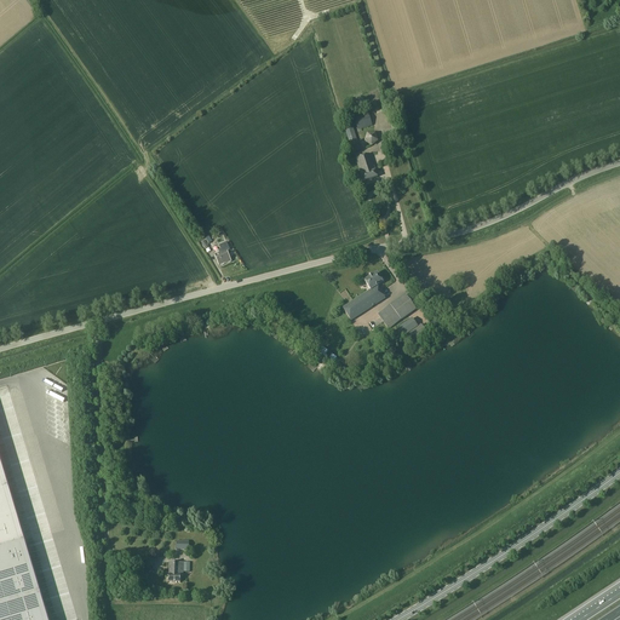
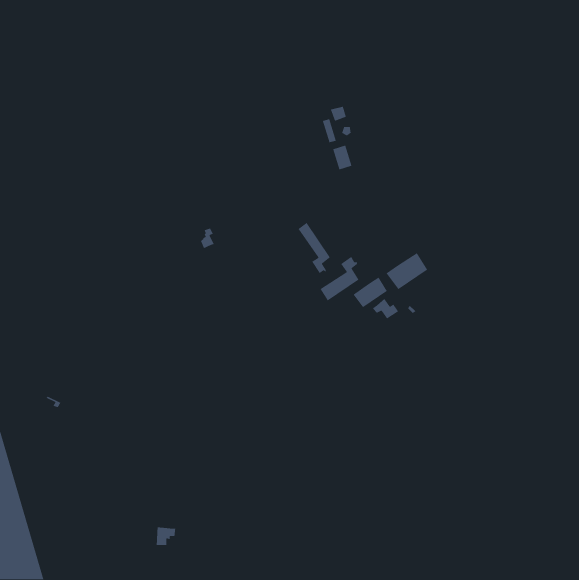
building: none -> [297,222,331,274]
building: none -> [385,252,428,290]

